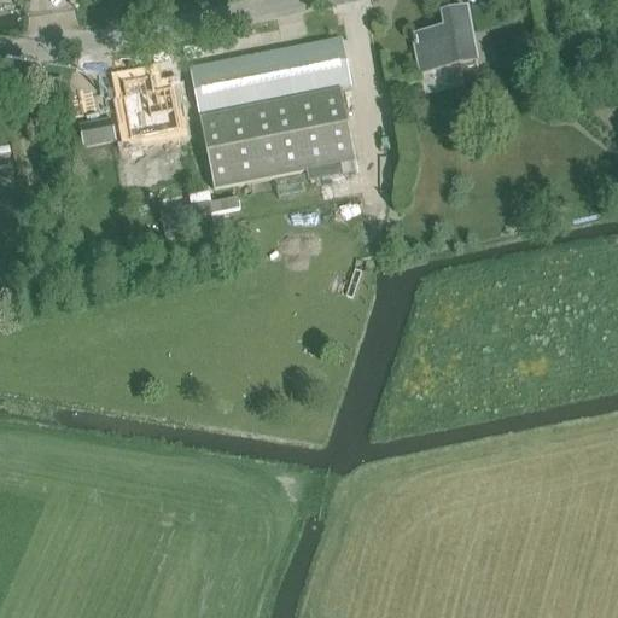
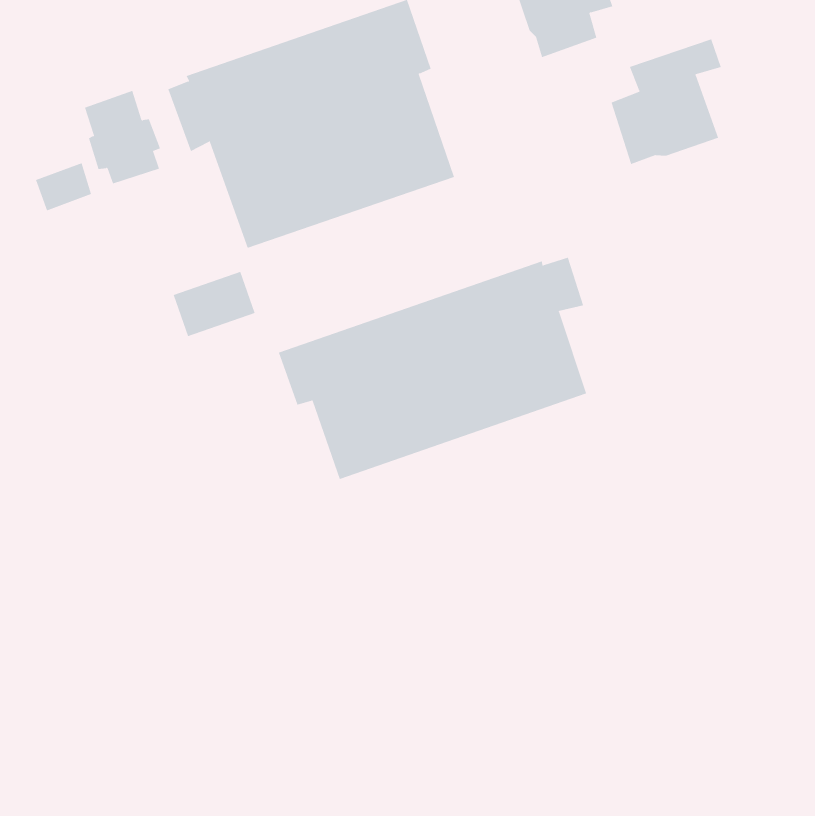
building: none -> [611,39,721,165]
building: none -> [278,257,587,480]

